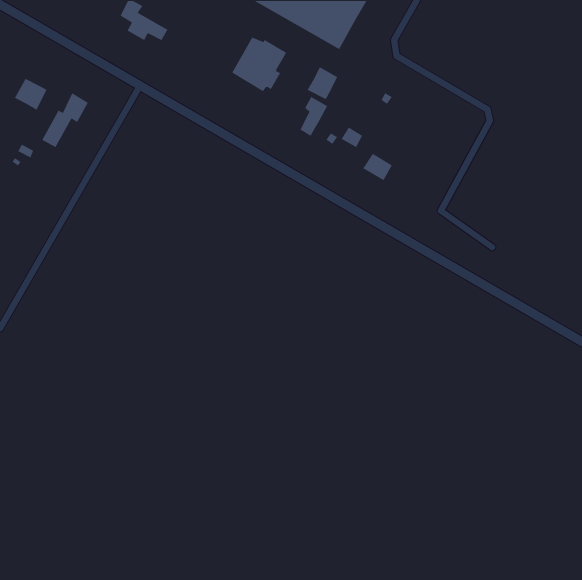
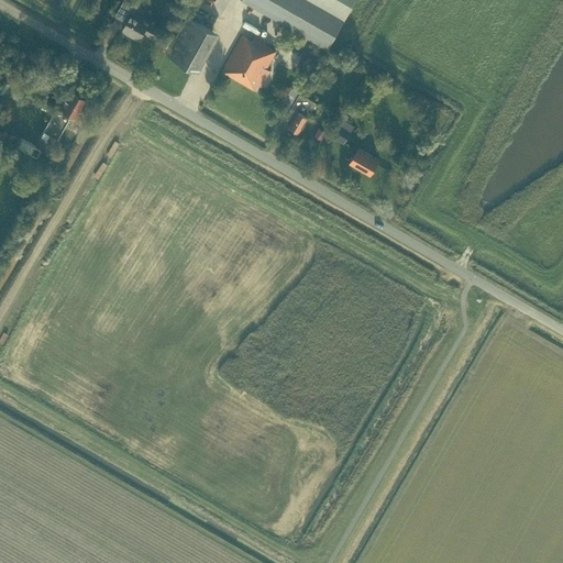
building: none -> [167,18,214,70]
building: [306,66,338,100] -> none
building: [14,78,48,111] -> none

